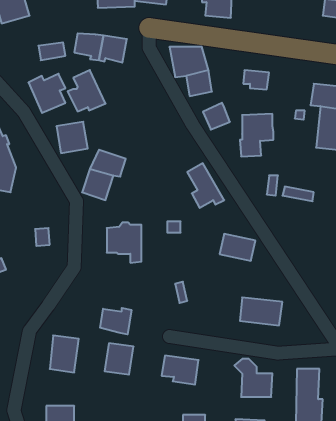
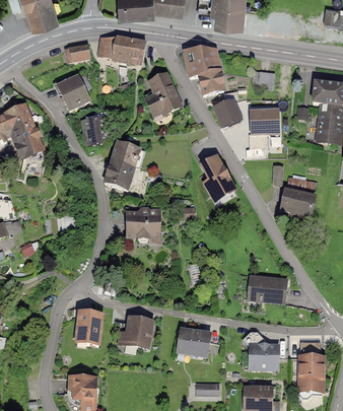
building: [68,70,106,111] -> [145,75,180,113]
building: [220,234,255,261] -> [282,190,315,214]
building: [100,308,131,334] -> none

